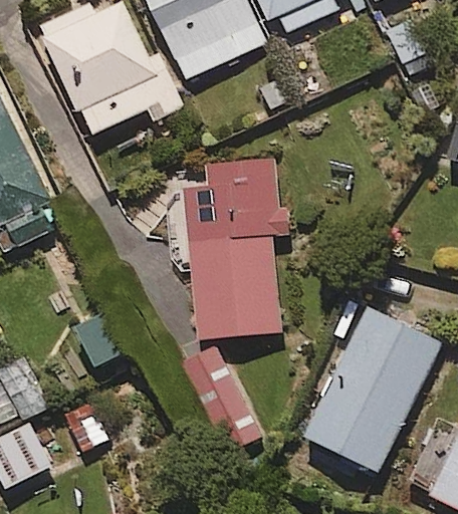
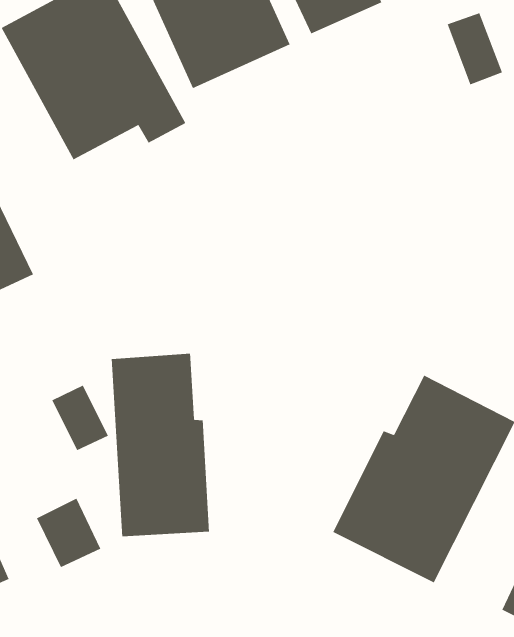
building: [174,161,280,335] -> none
building: none -> [111,353,209,537]

